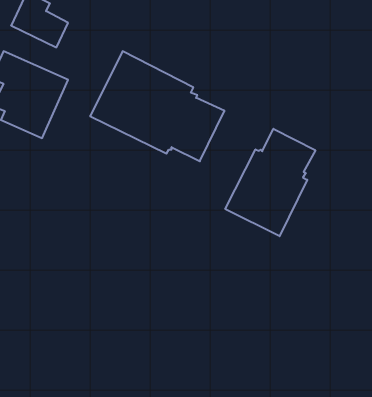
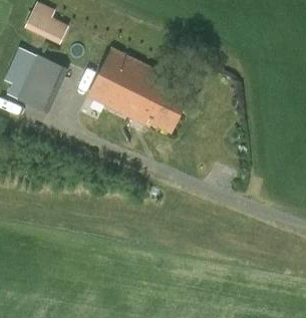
building: [225,129,315,236] -> none

